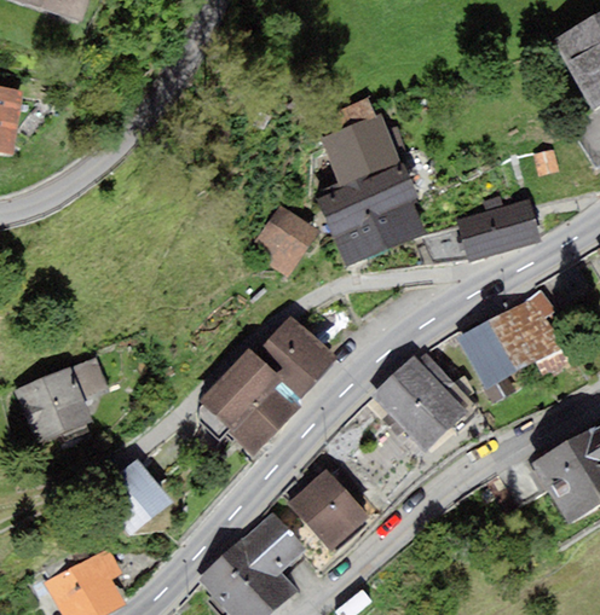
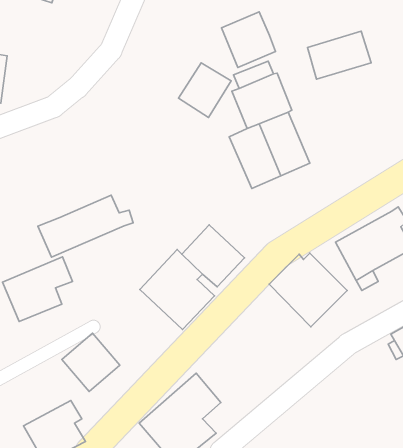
building: none -> [221,12,275,67]
building: [456,198,541,262] -> [307,31,371,79]
building: [249,204,319,277] -> [178,63,231,117]
building: none -> [38,195,133,257]
building: [288,469,370,551] -> none

